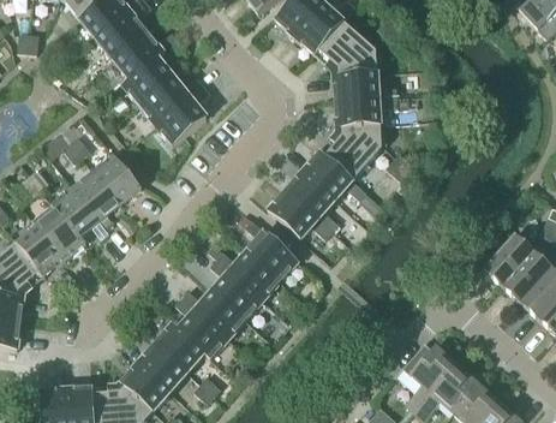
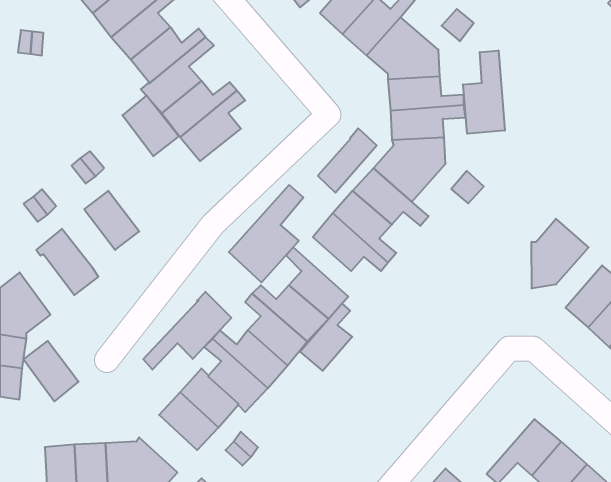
building: none -> [463,50,505,134]
building: none -> [318,128,377,193]
building: [94,154,142,205] -> [122,96,179,156]
building: none -> [229,185,303,282]
building: [53,186,100,237] -> none
building: none -> [532,219,589,289]
building: [18,225,65,276] -> [23,341,79,401]
building: none -> [143,292,231,370]
building: none -> [300,304,352,371]
building: [395,342,456,412] -> none
building: [120,362,169,411] -> none

